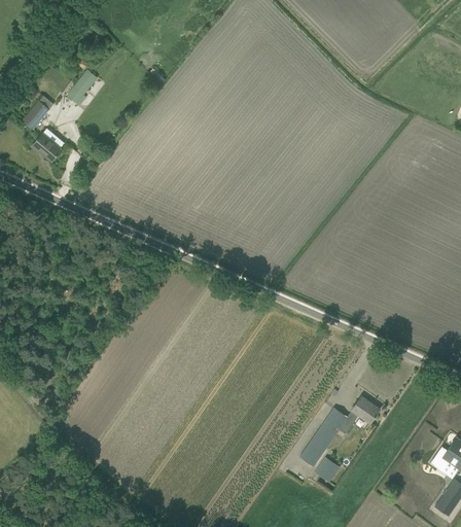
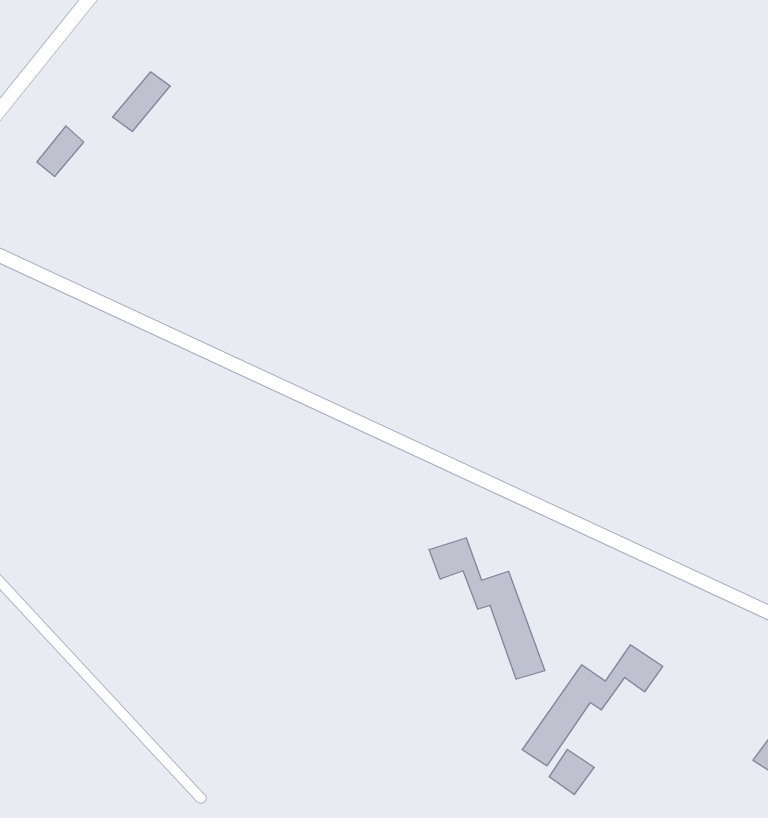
building: [32,133,61,161] -> none
building: none -> [429,538,545,679]

